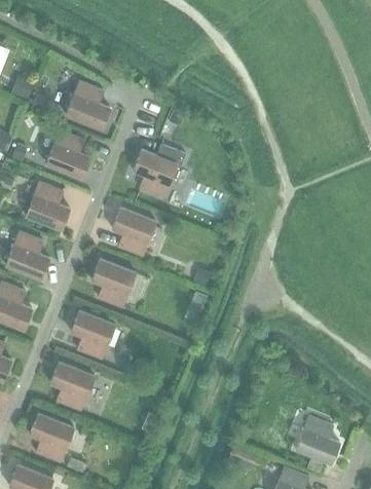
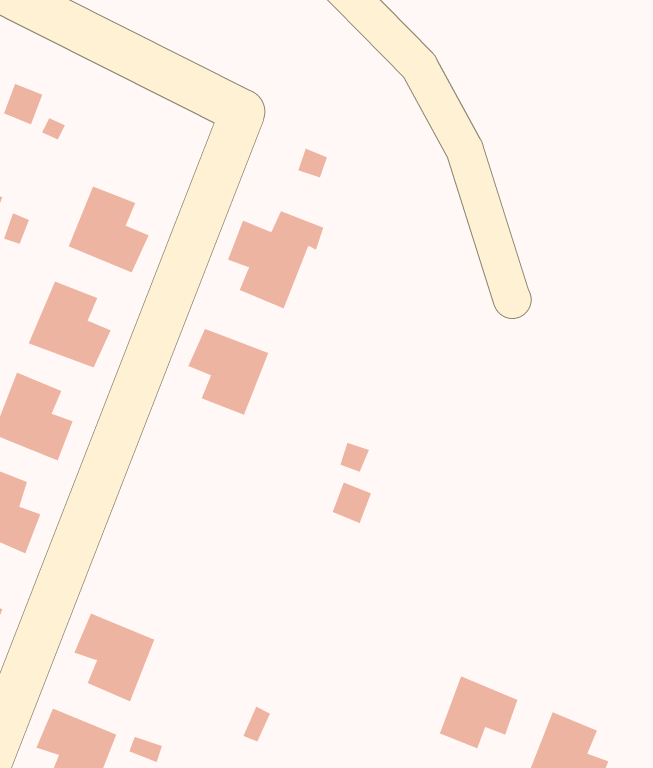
building: [66,81,110,128] -> none
building: [90,259,136,306] -> none
building: [70,310,115,359] -> none
building: none -> [439,676,518,749]

